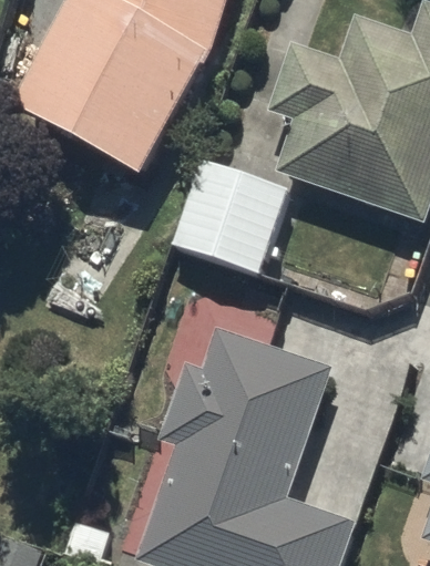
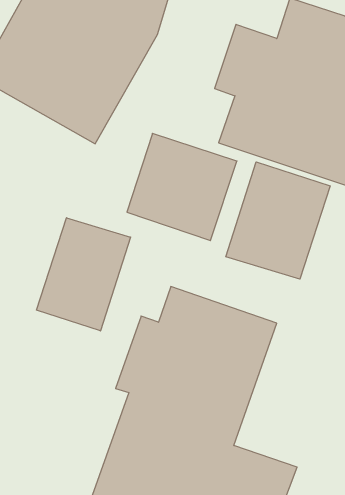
building: none -> [226,162,330,279]
building: none -> [36,218,131,331]

